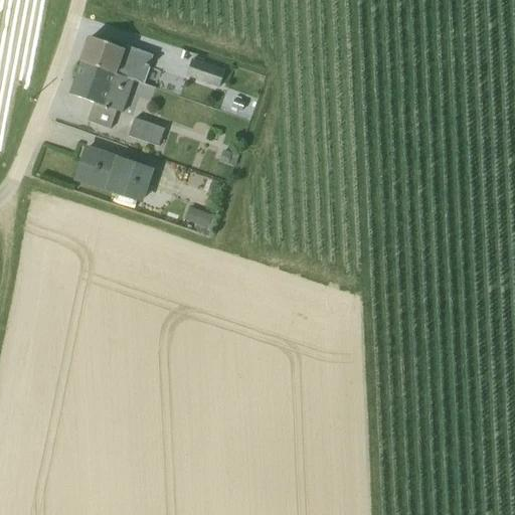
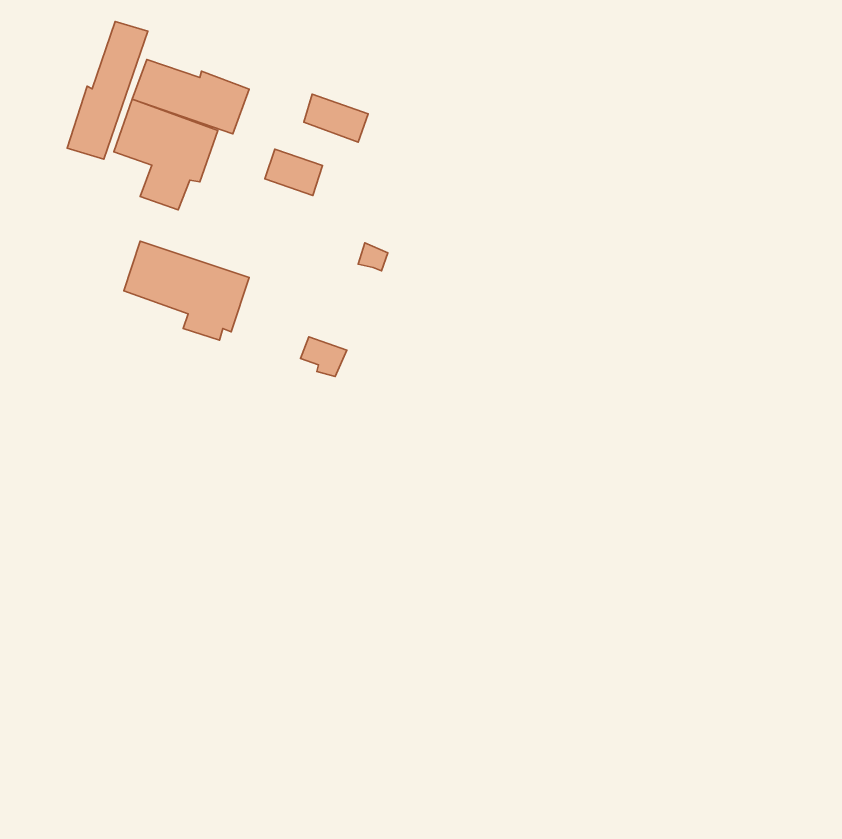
building: none -> [67,22,148,159]
building: [129,117,164,145] -> [265,149,323,195]

